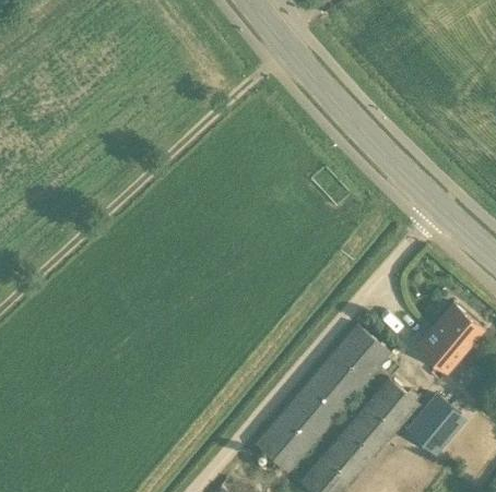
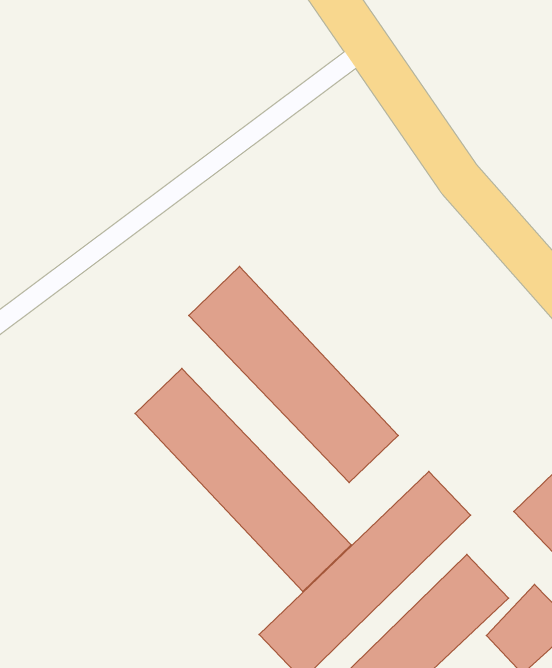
building: none -> [189,266,398,482]
building: none -> [135,369,351,592]

